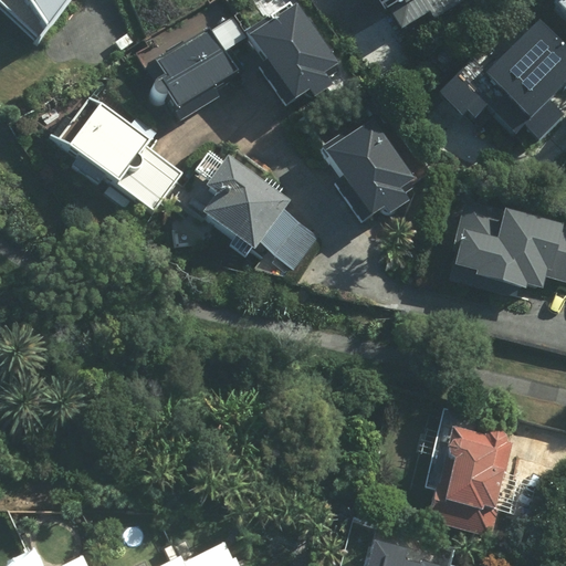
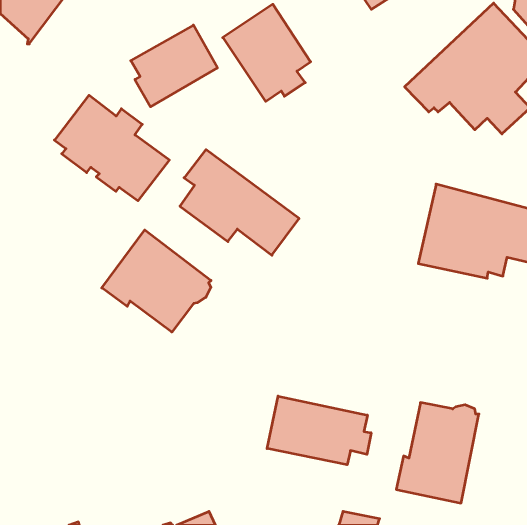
building: [318,119,411,222] -> none
building: none -> [102,230,211,332]
building: none -> [267,396,371,465]

